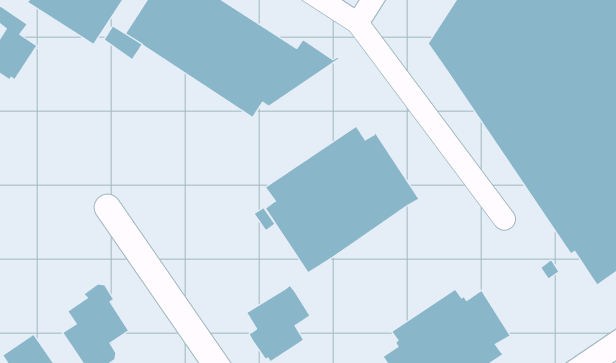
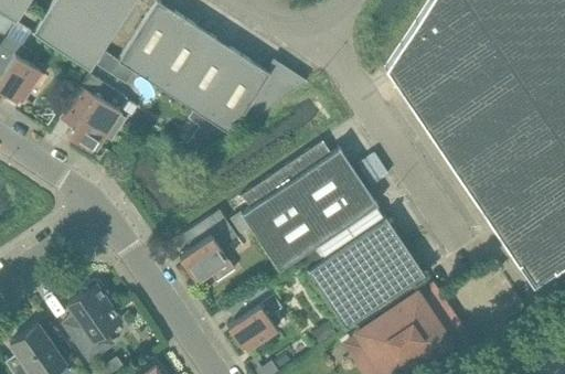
building: none -> [64,71,129,150]
building: none -> [180,211,238,281]
building: none -> [300,217,426,329]

